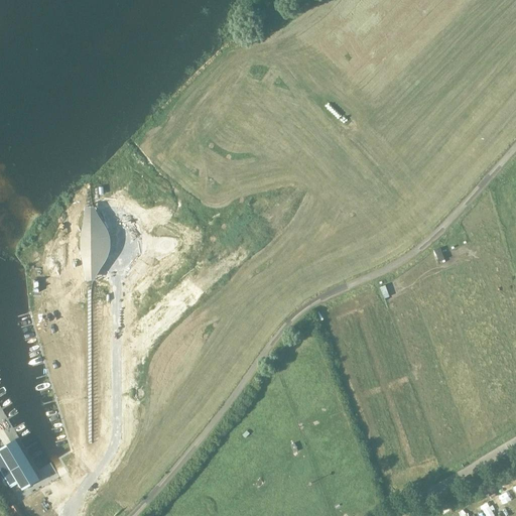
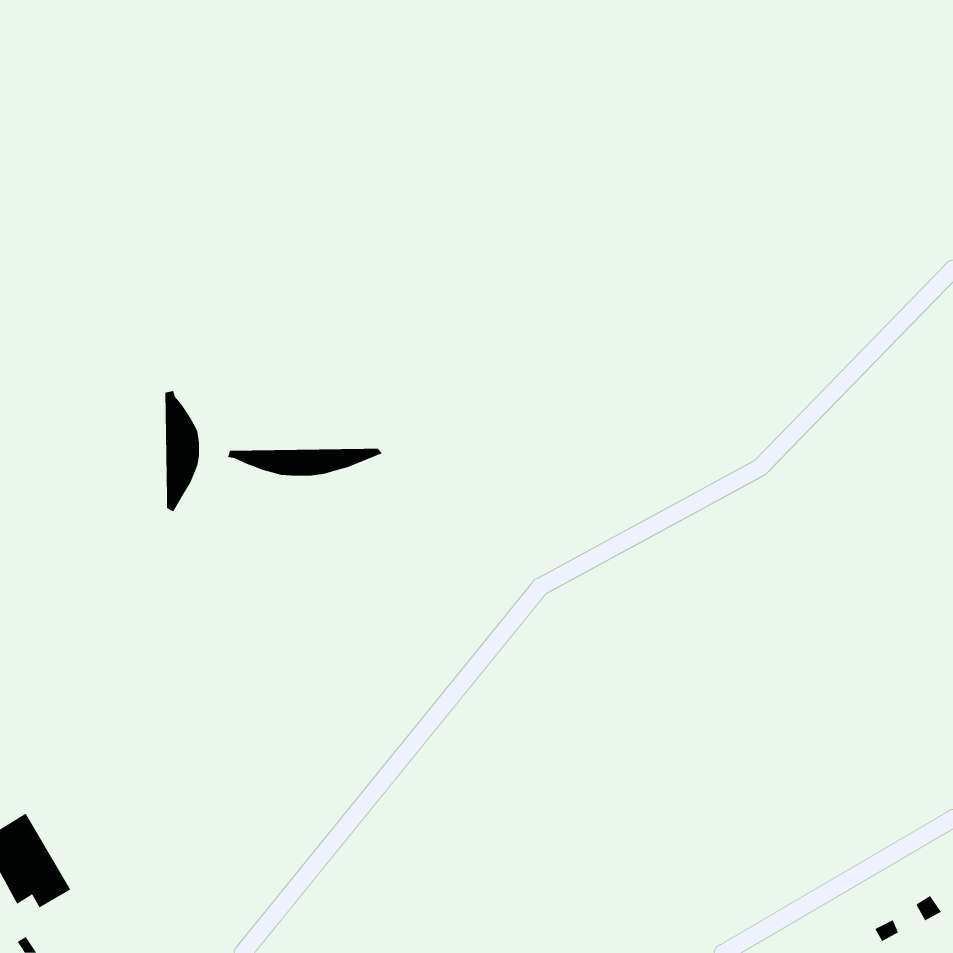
building: none -> [227,448,383,477]

